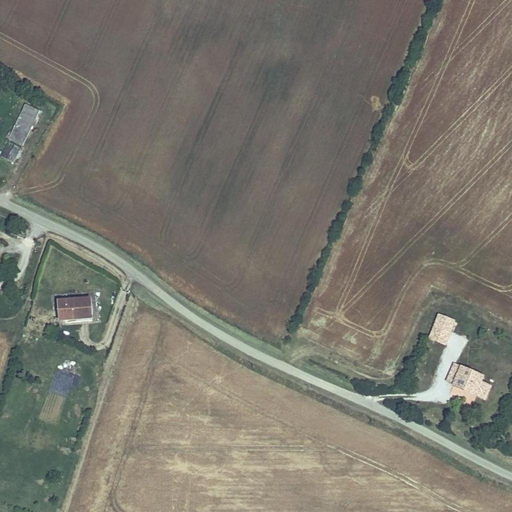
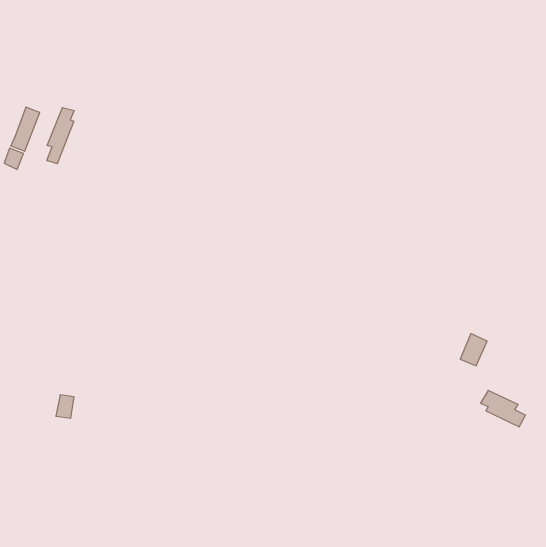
building: none -> [47,108,74,164]
building: [63,298,93,319] -> none

